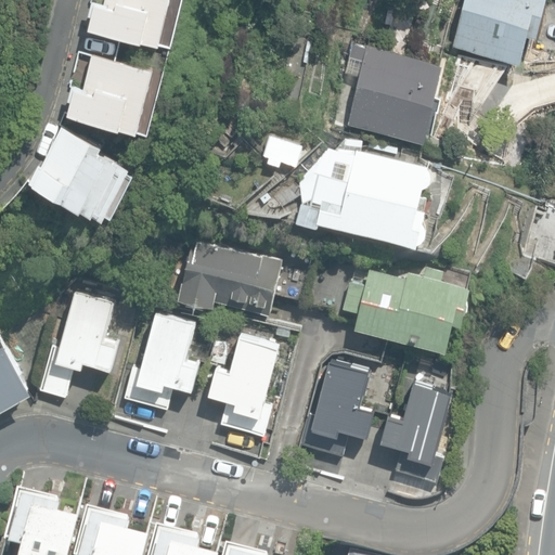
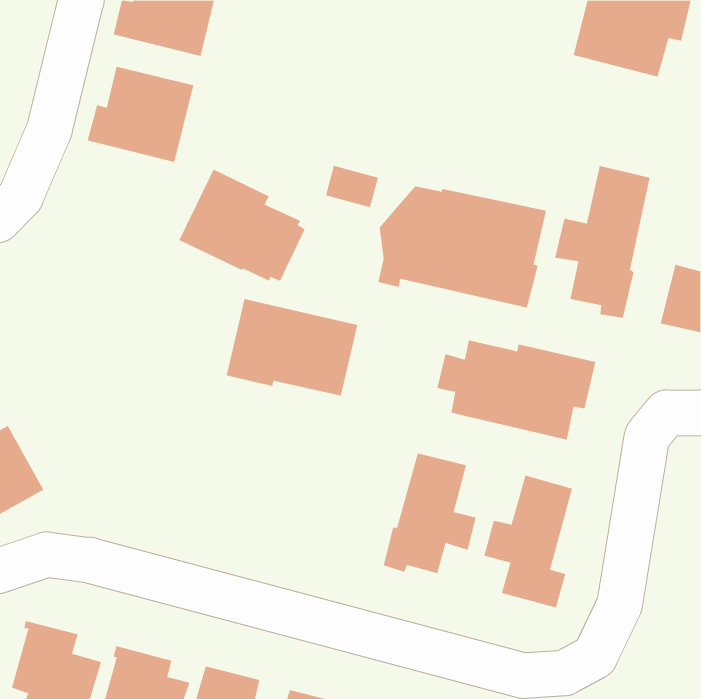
building: [344,46,441,144] -> none
building: [35,128,134,217] -> [179,169,305,282]
building: none -> [555,165,650,319]
building: [41,291,118,398] -> none
building: [125,311,199,410] -> none
building: [206,334,276,436] -> none

